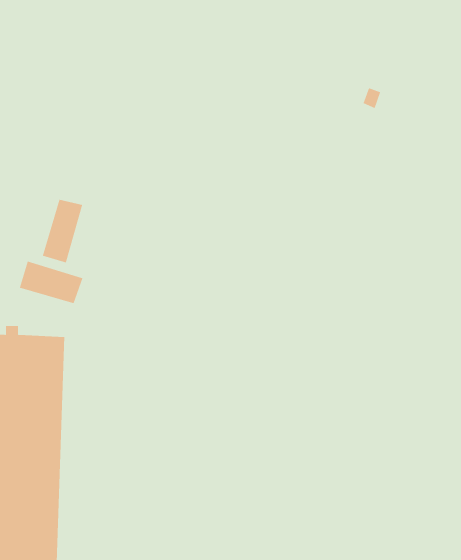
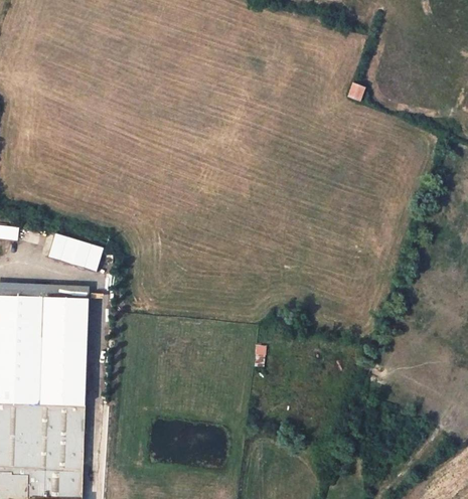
building: [42,199,83,263] -> none

